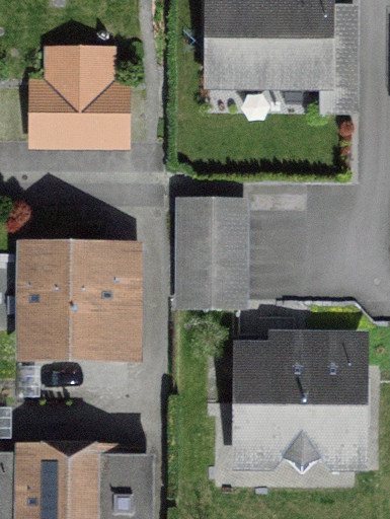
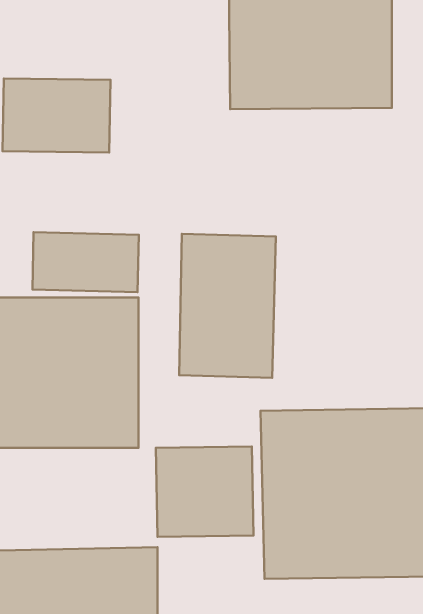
building: none -> [32,232,139,292]
building: none -> [156,447,253,537]

